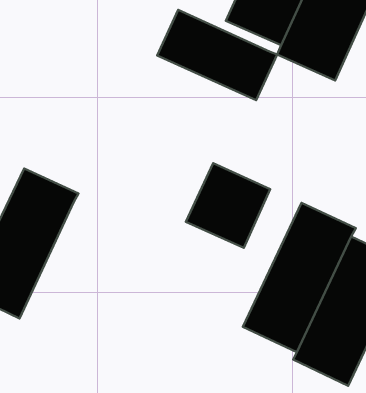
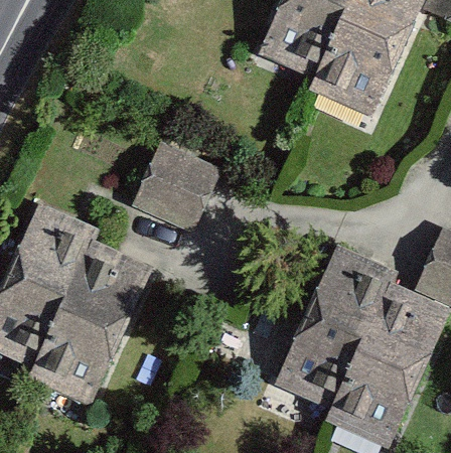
building: [157,10,277,100] -> none
building: [186,163,270,248] -> [131,147,221,239]
building: none -> [28,246,150,407]

